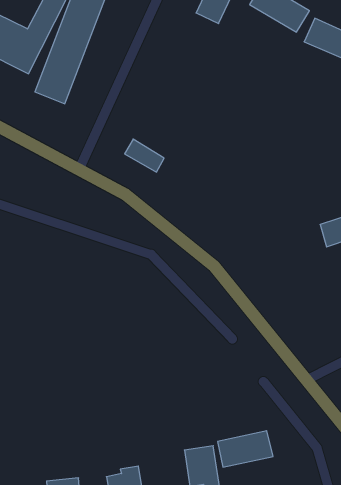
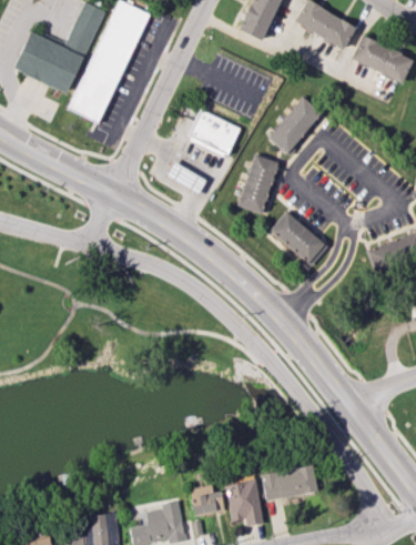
building: none -> [271,94,321,153]
building: none -> [186,109,240,155]
building: none -> [240,154,276,212]
building: none -> [270,212,328,264]
building: none -> [192,485,223,513]

